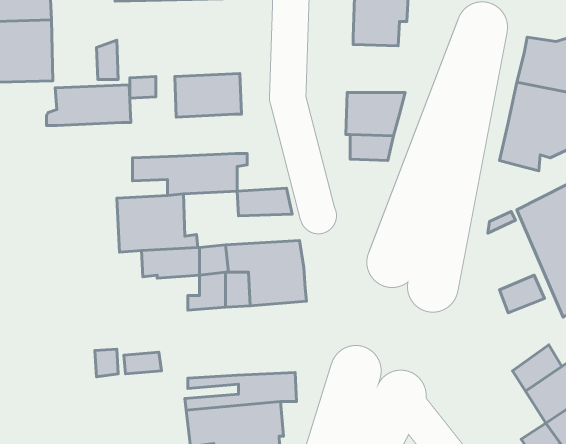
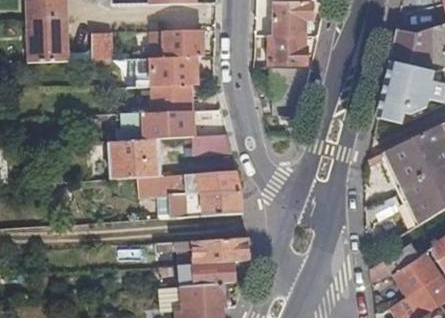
building: none -> [270,35,308,64]
building: [47,85,131,125] -> [144,29,202,57]
building: none -> [152,83,193,112]
building: none -> [158,237,249,263]

